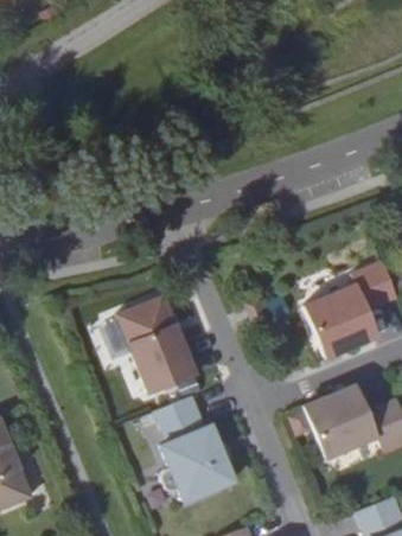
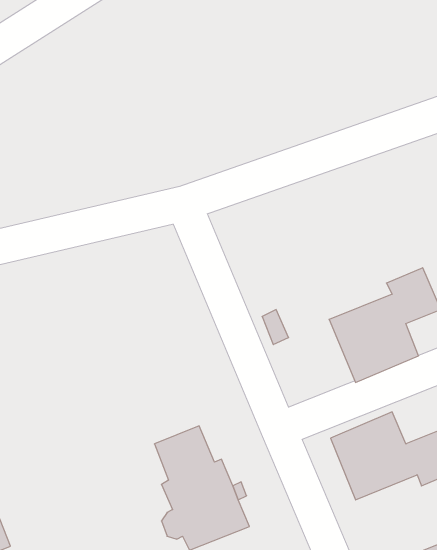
building: [116,295,197,395] -> none

